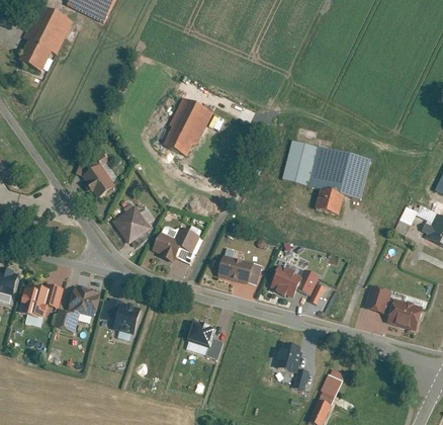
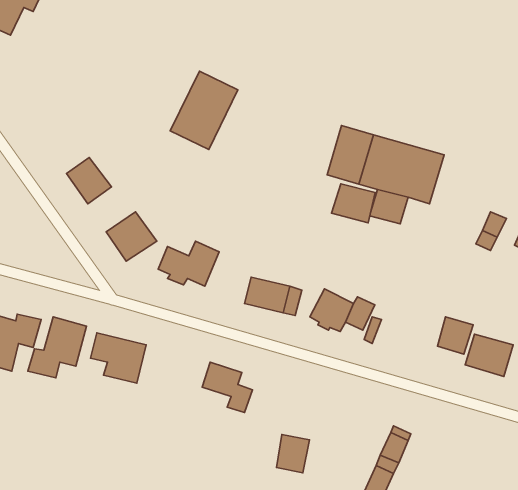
building: none -> [332,184,375,223]
building: [278,346,303,375] -> [276,434,310,473]

